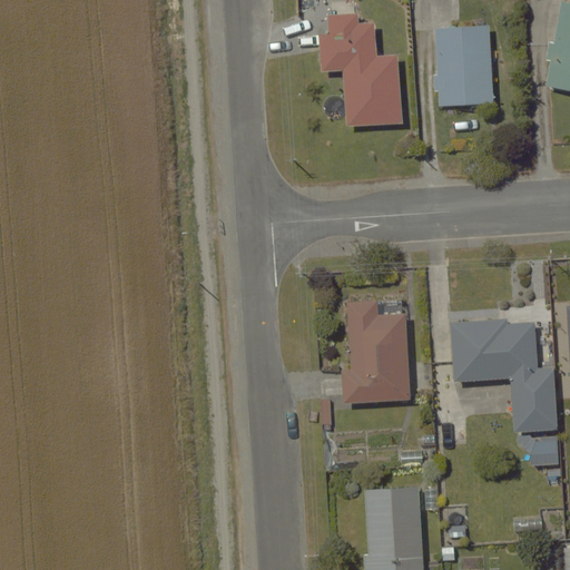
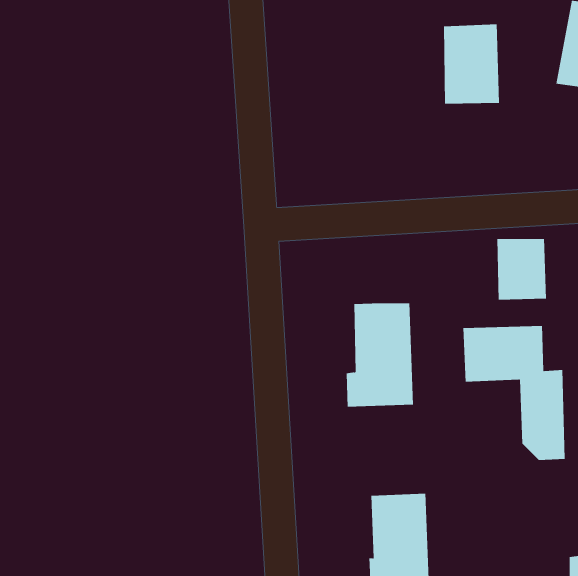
building: [317,10,407,128] -> none
building: none -> [497,238,547,300]

